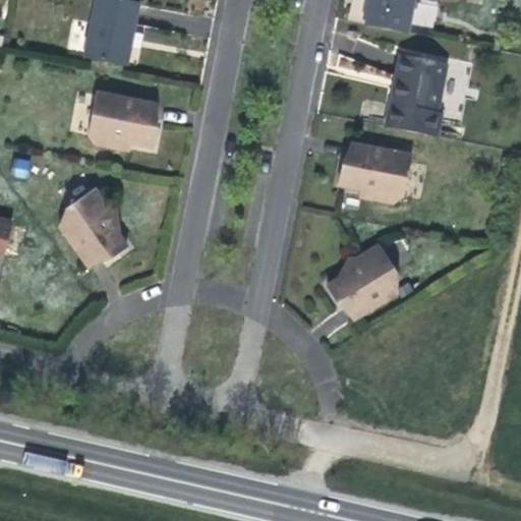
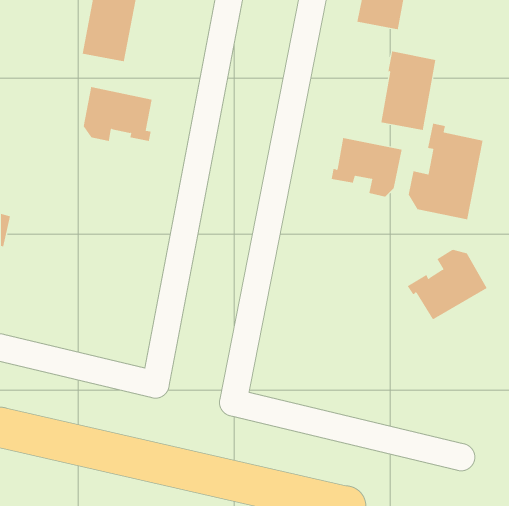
building: none -> [408,123,483,220]
building: [58,185,126,266] -> none
building: [326,245,408,317] -> [407,249,487,320]

